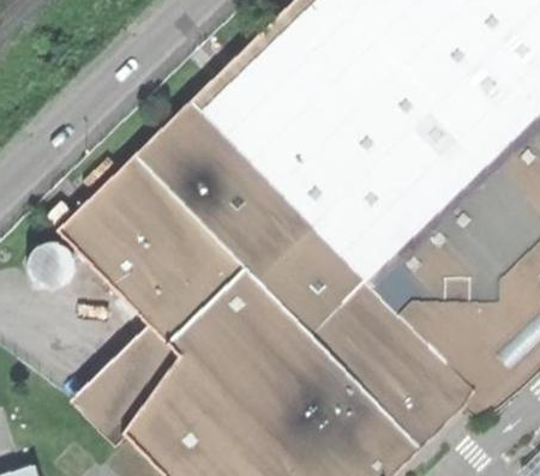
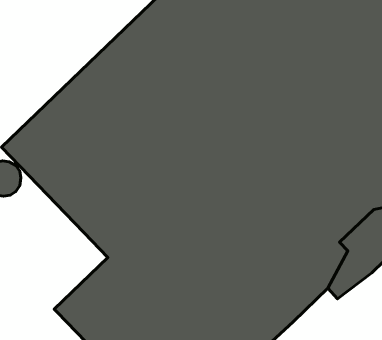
building: [80,336,190,446] -> none

